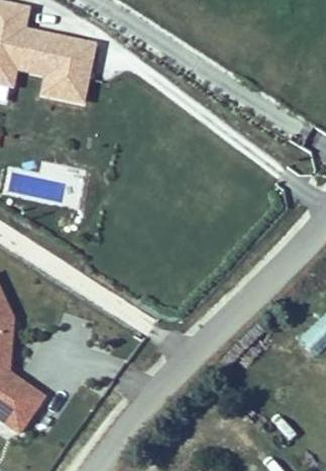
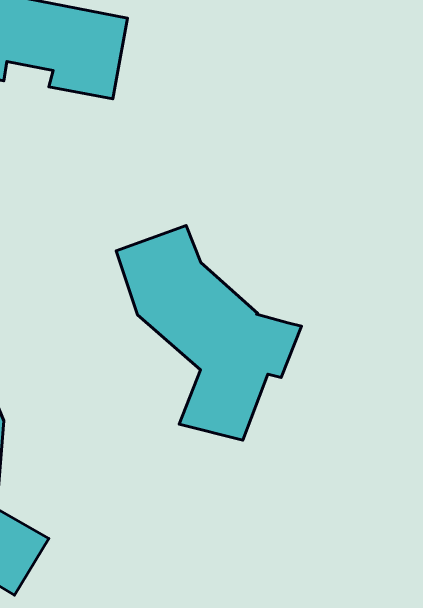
building: none -> [116,225,301,440]

